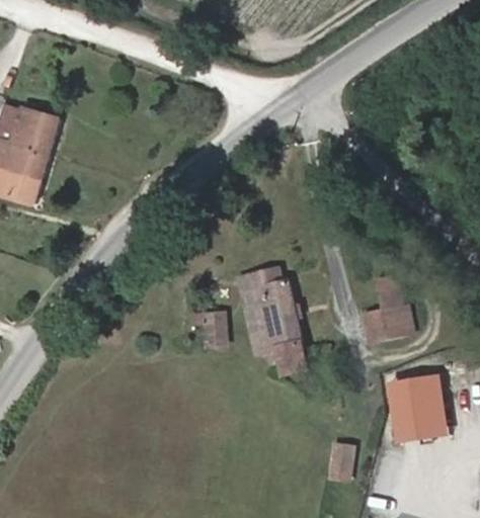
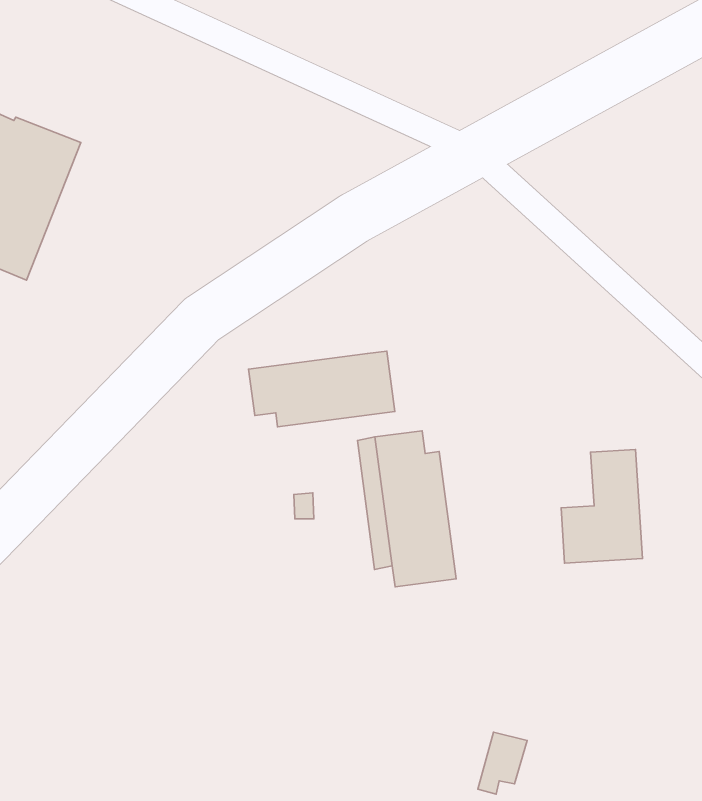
building: none -> [249,351,395,427]
building: [390,373,450,445] -> none

